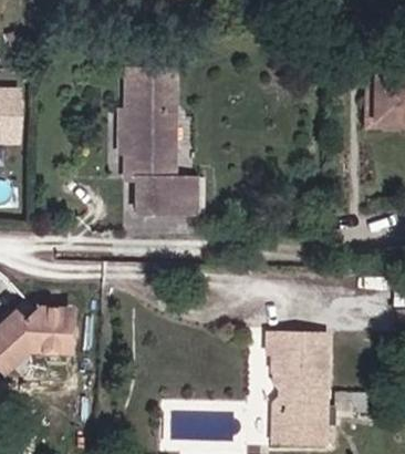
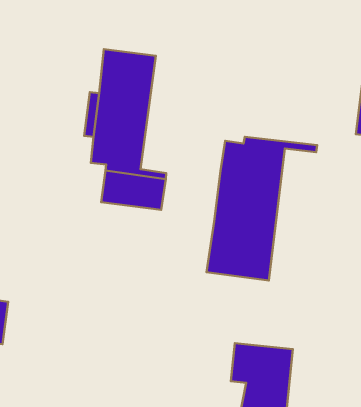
building: none -> [206,137,317,280]

